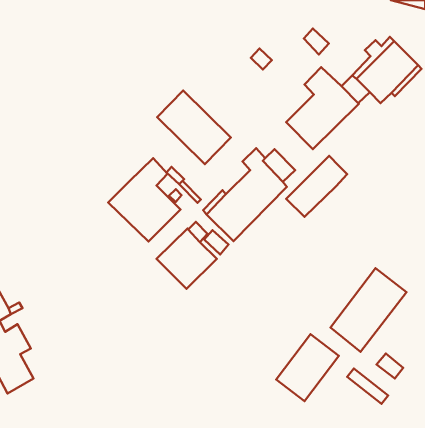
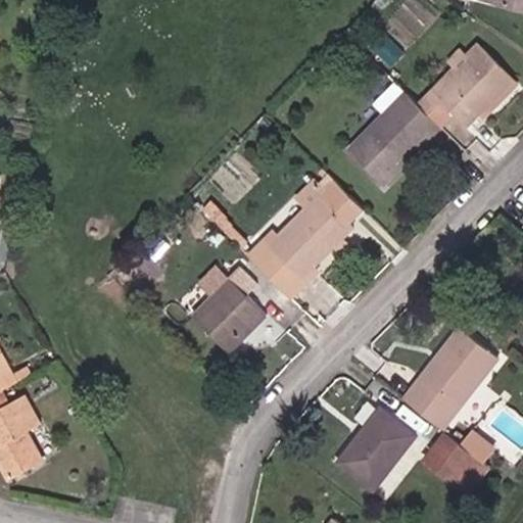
building: [157,91,231,164] -> none
building: [286,156,347,217] -> none
building: [108,158,180,242] -> none
building: none -> [432,432,487,482]

